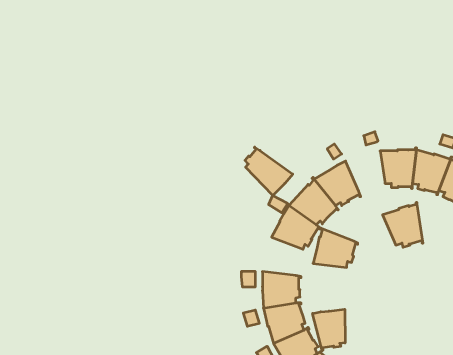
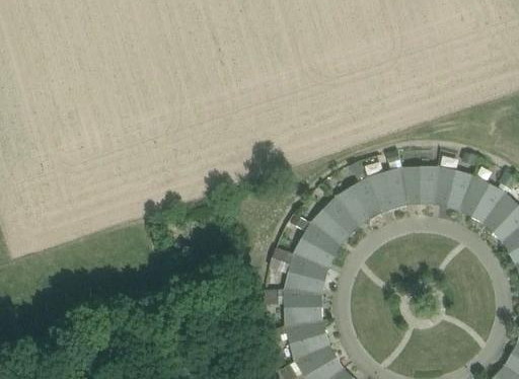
building: [245,147,293,196] -> none
building: [383,203,423,247] -> [368,166,409,211]
building: [313,228,358,267] -> [285,253,329,293]
building: [313,309,345,351] -> none

